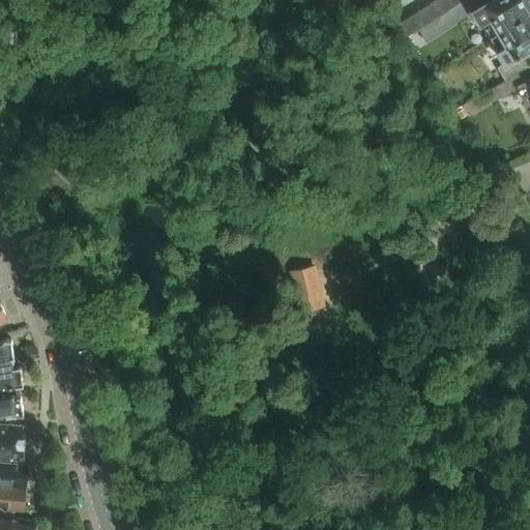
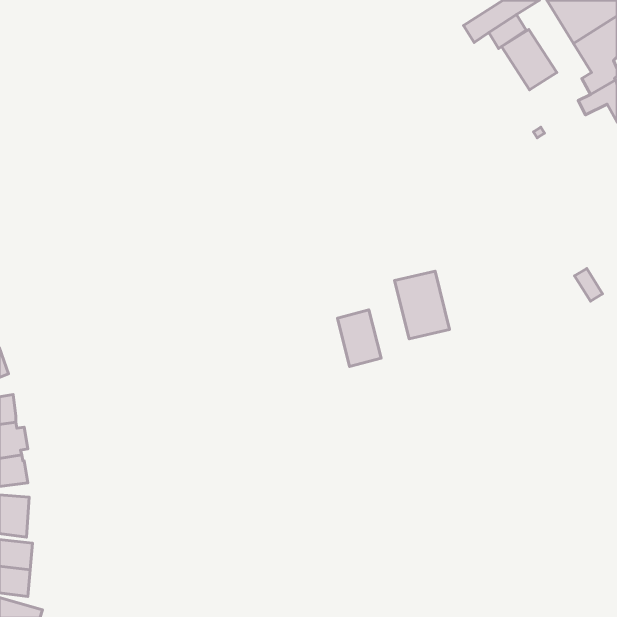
building: none -> [501,29,557,90]
building: none -> [395,271,450,339]

